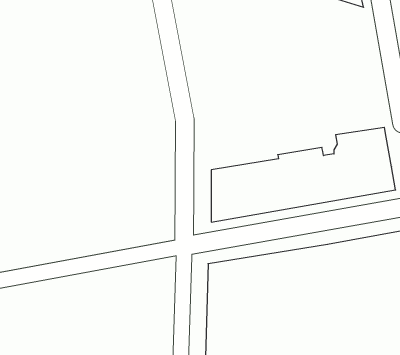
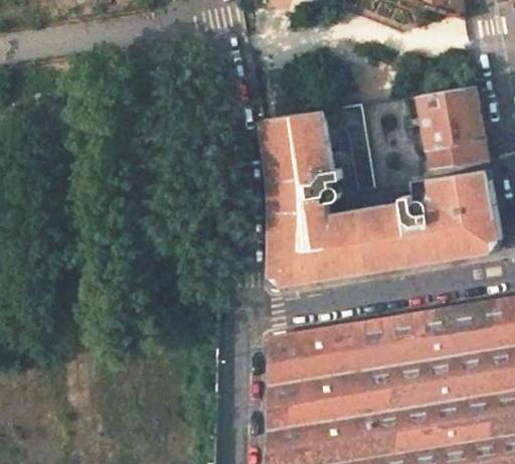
building: none -> [415,87,485,168]
building: none -> [261,110,354,224]

